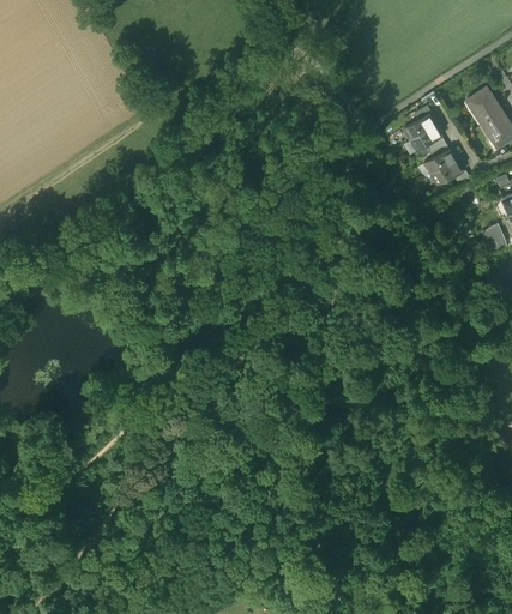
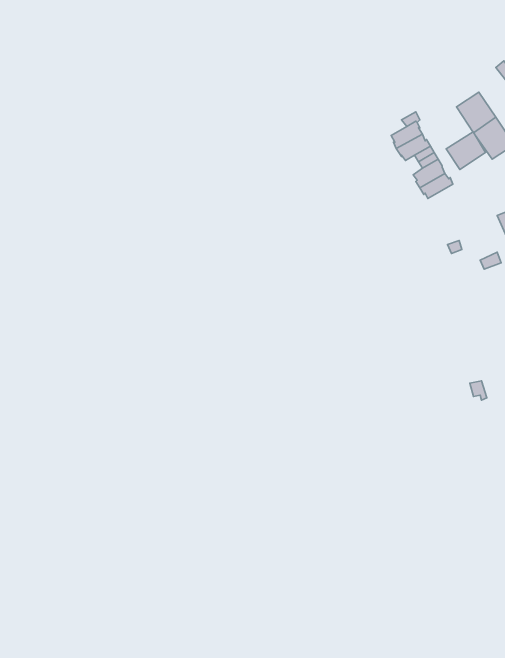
building: none -> [446,132,486,170]

